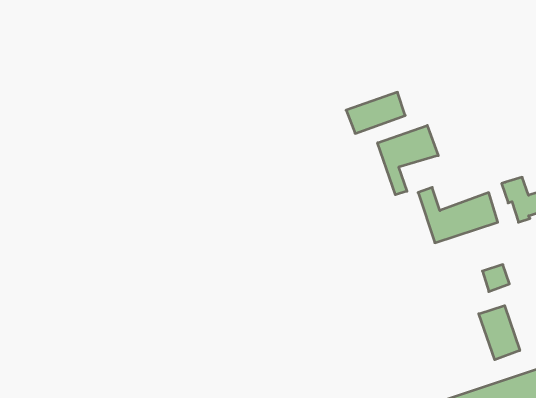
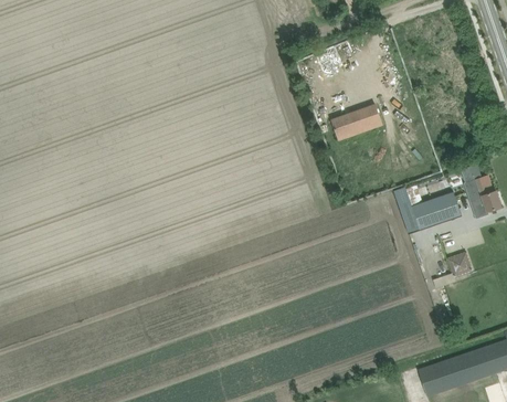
building: [378,125,438,195] -> none
building: [479,306,520,360] -> none

